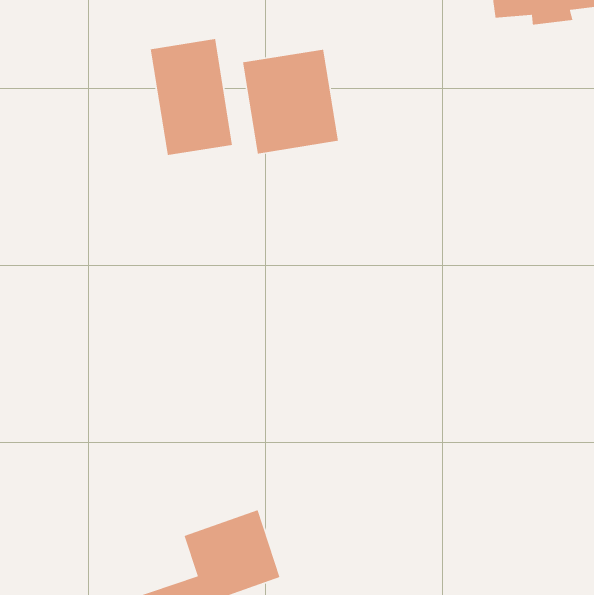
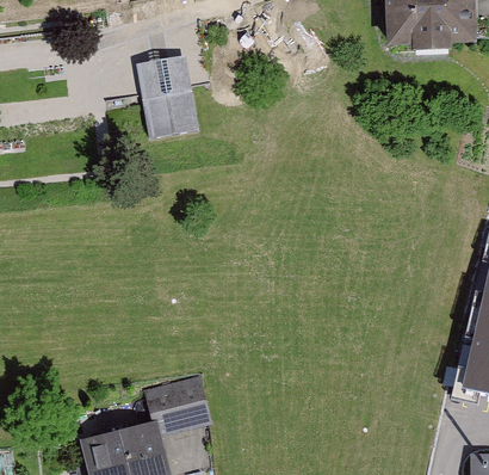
building: [242,49,339,155] -> none

